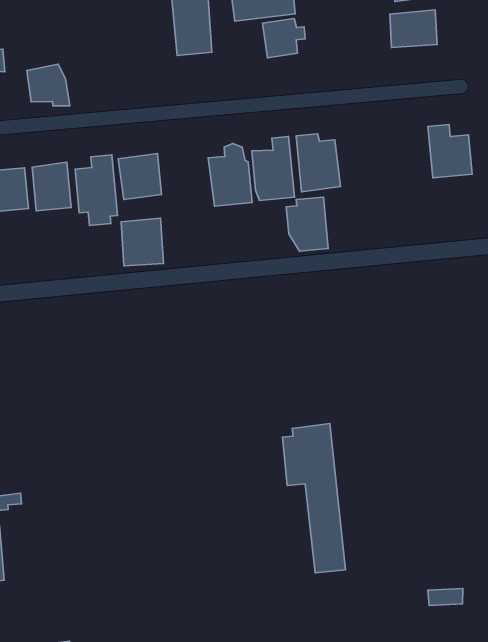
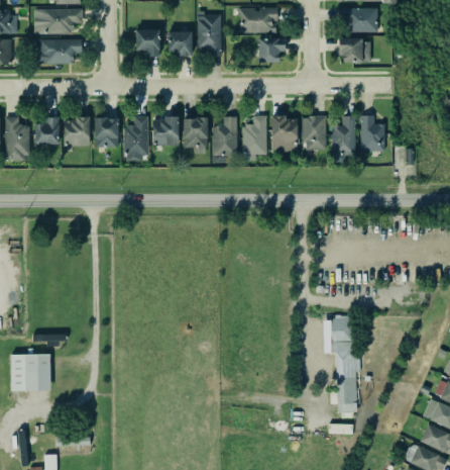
building: none -> [166,32,194,57]
building: [27,64,70,106] -> [135,28,161,57]
building: none -> [332,117,354,150]
building: [286,197,328,251] -> [301,114,326,149]
building: [121,218,163,266] -> [181,120,208,151]
building: [282,423,345,573] -> [324,314,357,412]

